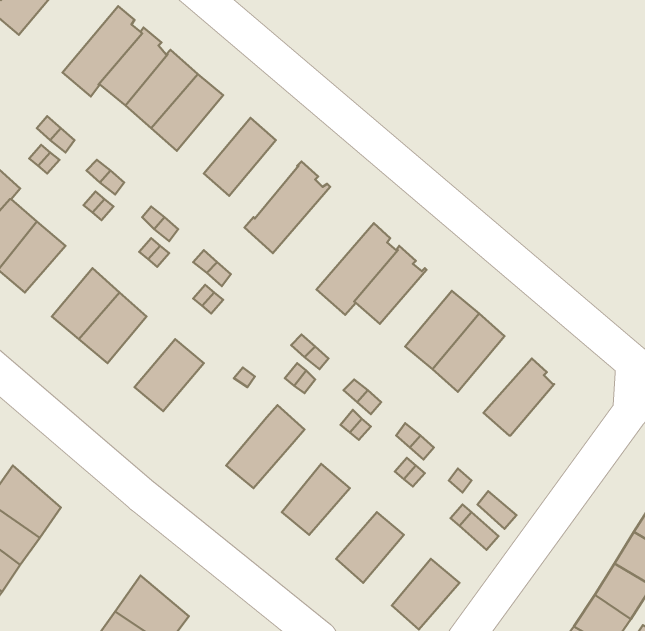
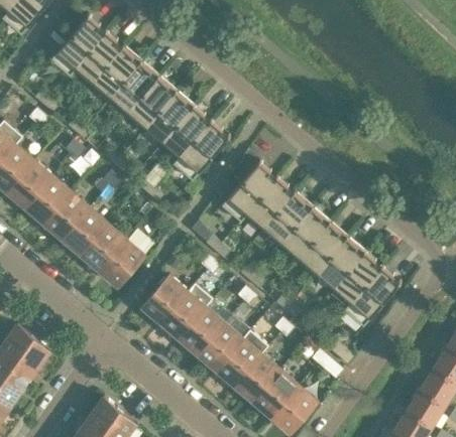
building: none -> [126,76,176,128]
building: none -> [161,106,208,158]
building: none -> [24,176,70,224]
building: none -> [262,192,311,244]
building: none -> [80,224,125,271]
building: none -> [315,237,364,288]
building: none -> [343,266,400,326]
building: none -> [140,275,187,323]
building: none -> [178,307,223,354]
building: none -> [215,330,266,386]
building: none -> [251,370,297,417]

